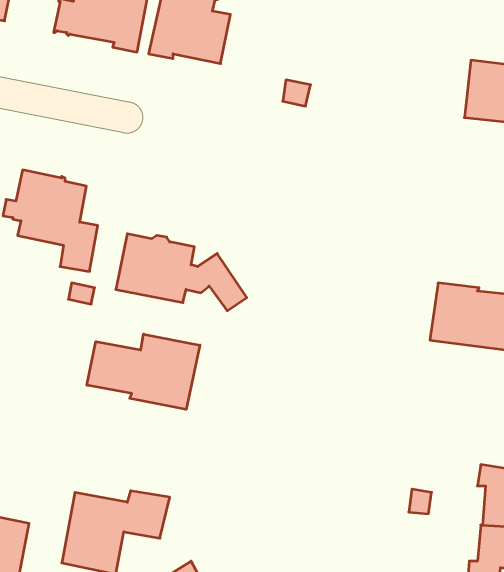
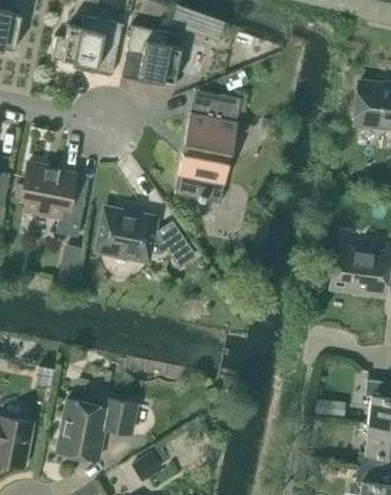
building: none -> [174,113,236,202]
building: [87,334,200,409] -> none

